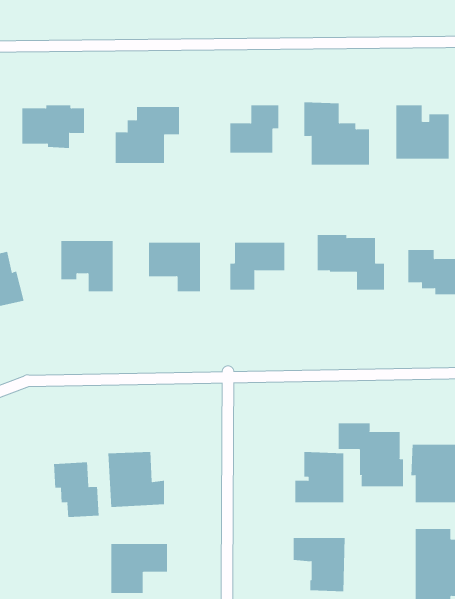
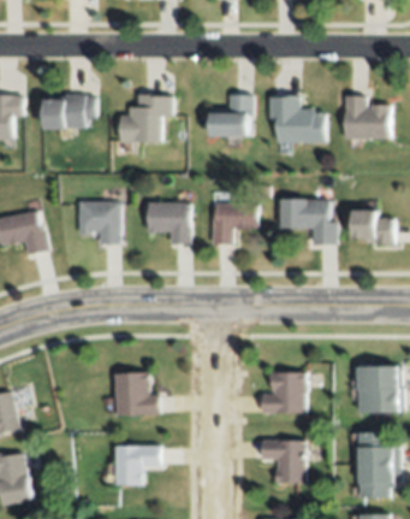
building: [338,423,404,487] -> none
building: [53,462,99,518] -> none

